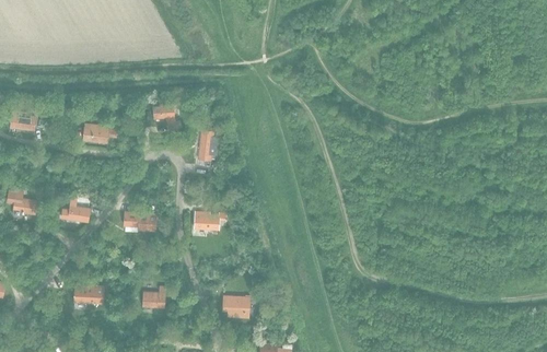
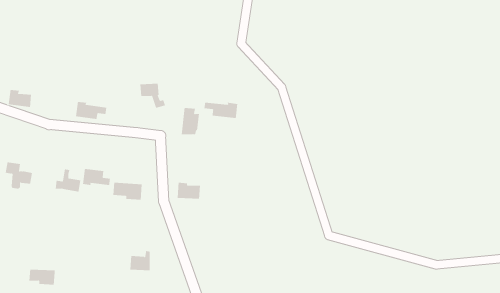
building: none -> [204,102,238,119]
building: none -> [82,168,110,186]
building: [74,286,104,304] -> [28,269,56,285]
building: [223,297,249,317] -> none

